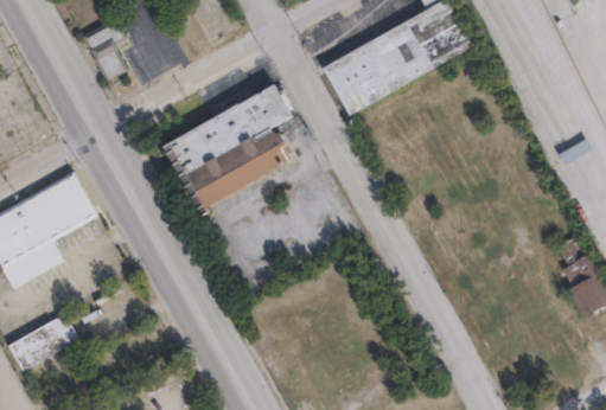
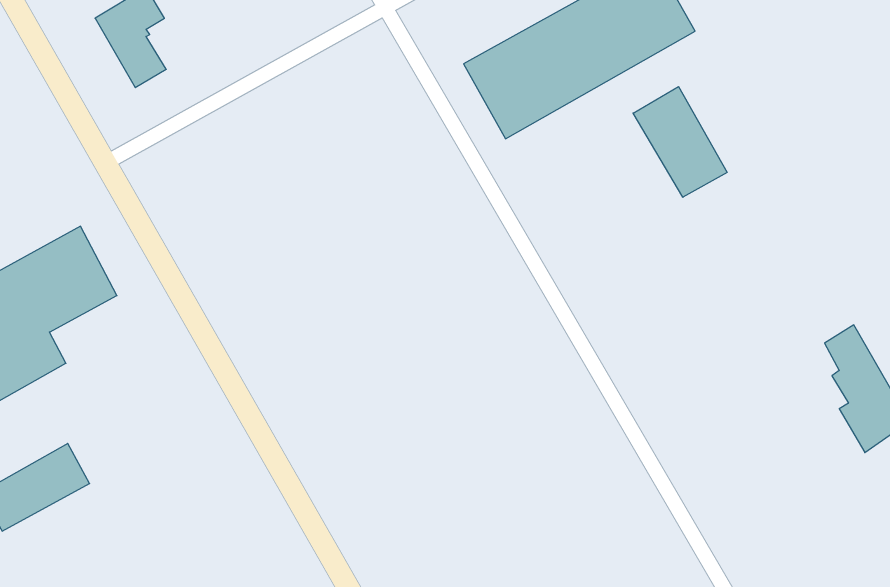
building: none -> [633,87,727,197]
building: [161,84,291,217] -> none

